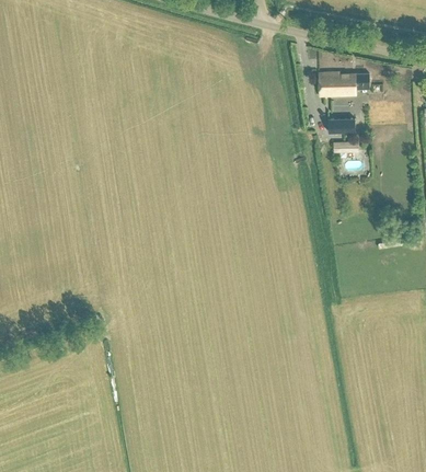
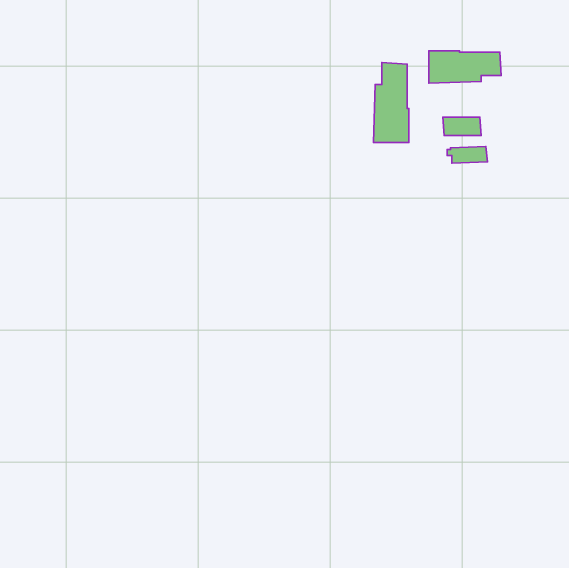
building: none -> [373,63,409,142]

